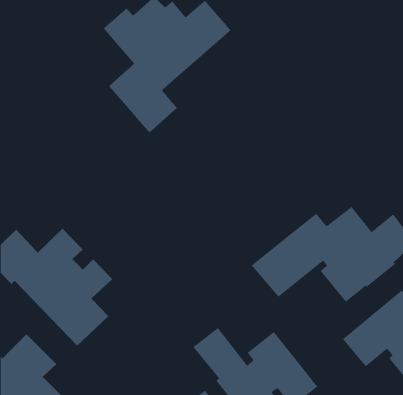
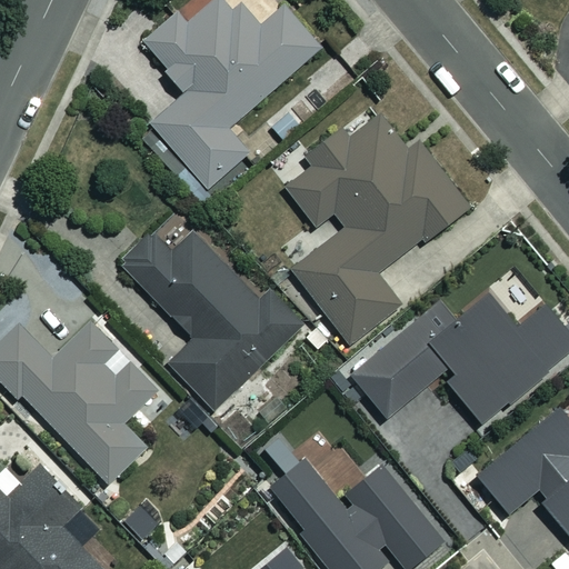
building: none -> [286,114,468,346]
building: none -> [121,231,302,411]

